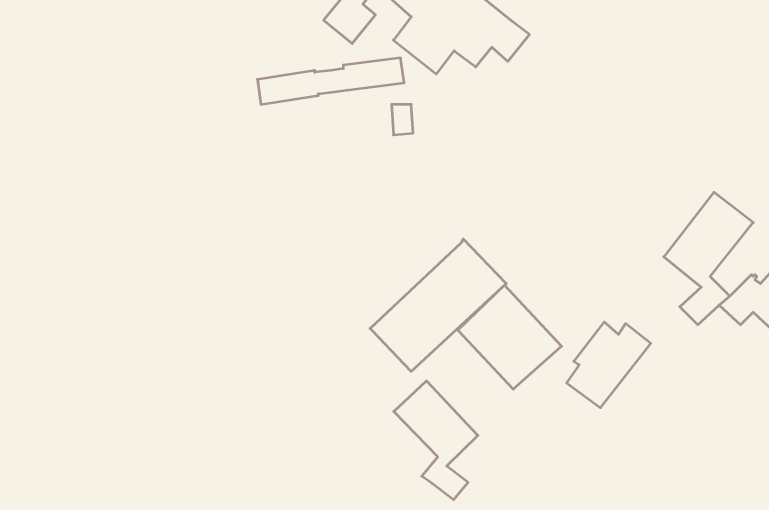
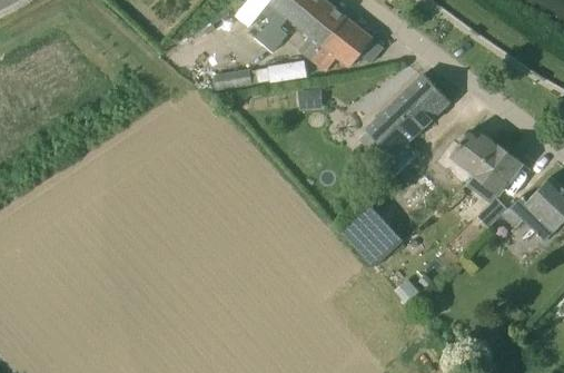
building: [370,239,506,371] -> [365,73,449,156]
building: [567,322,651,408] -> [445,131,497,185]
building: [394,381,478,500] -> none

